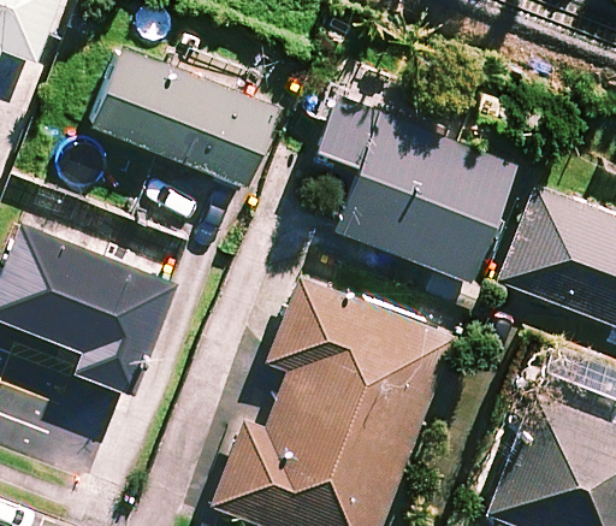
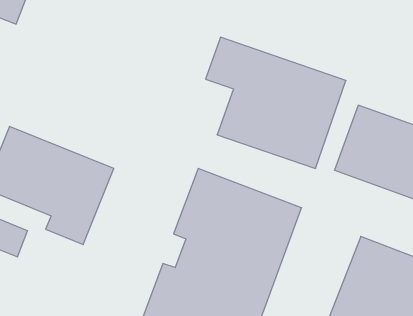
building: [91,47,277,185] -> none

